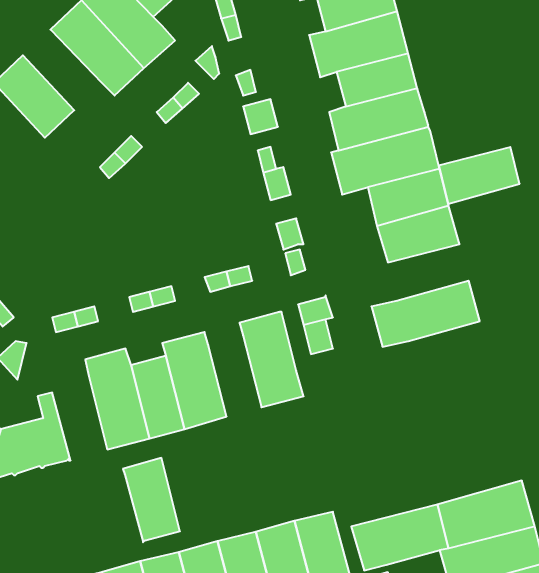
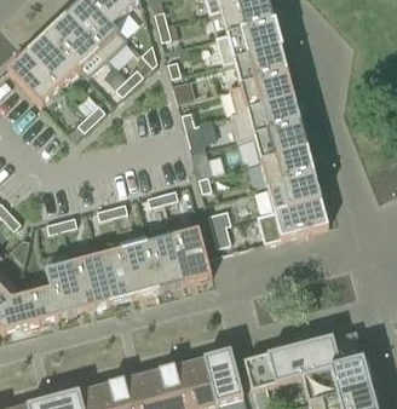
building: none -> [28,33,80,86]
building: [439,147,520,204] -> [269,174,322,212]
building: none -> [150,235,185,288]
building: [123,458,180,542] -> [46,261,84,317]

